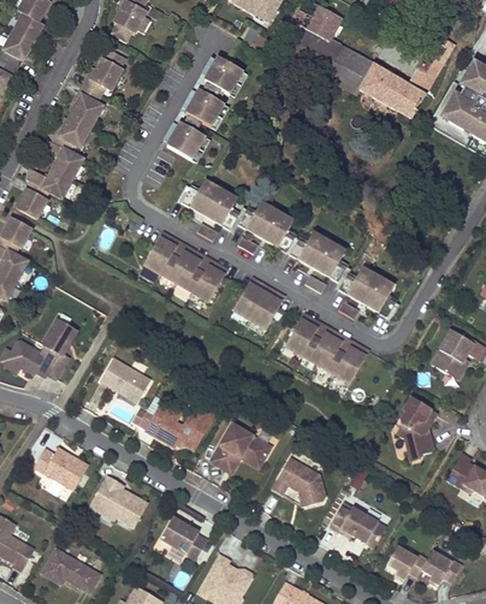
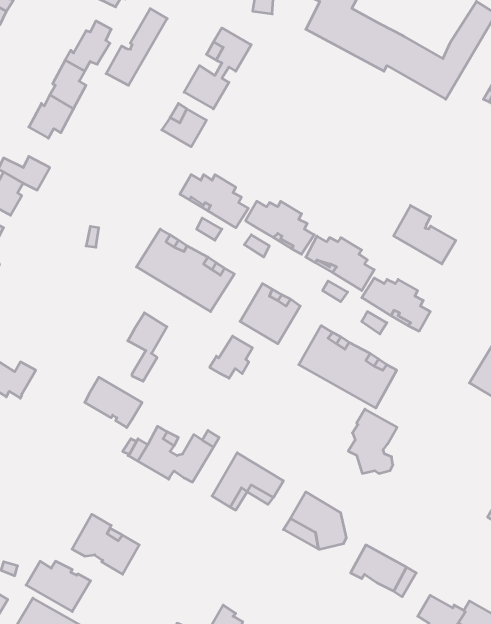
building: none -> [106,9,167,85]
building: [41,138,81,177] -> none
building: none -> [394,205,456,264]
building: [42,319,76,378] -> [128,313,167,381]
building: none -> [210,336,252,378]
building: [396,397,438,452] -> [348,409,397,473]
building: [32,446,88,490] -> [26,561,91,612]
building: [159,516,206,558] -> none

